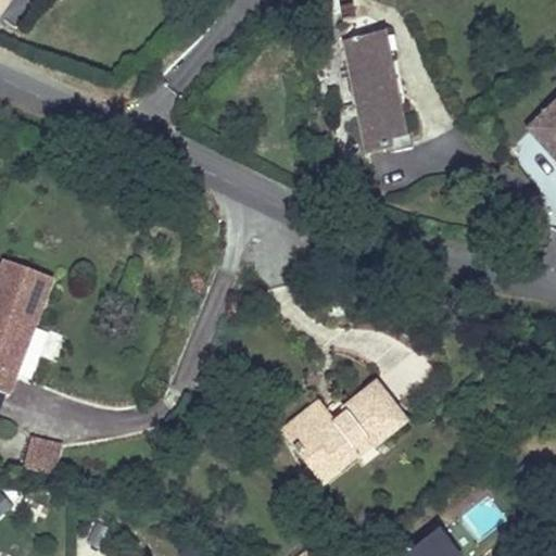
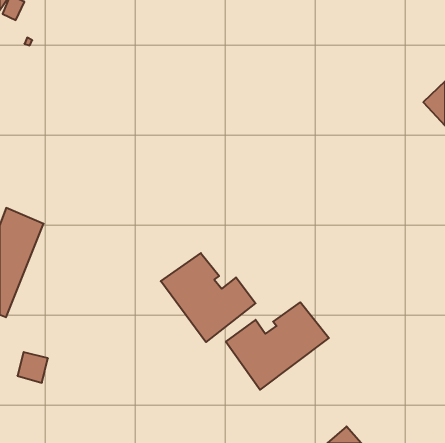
building: [344,33,409,149] -> none
building: none -> [161,253,256,342]

